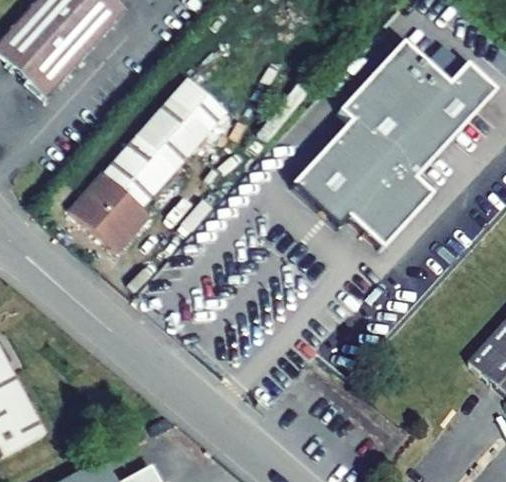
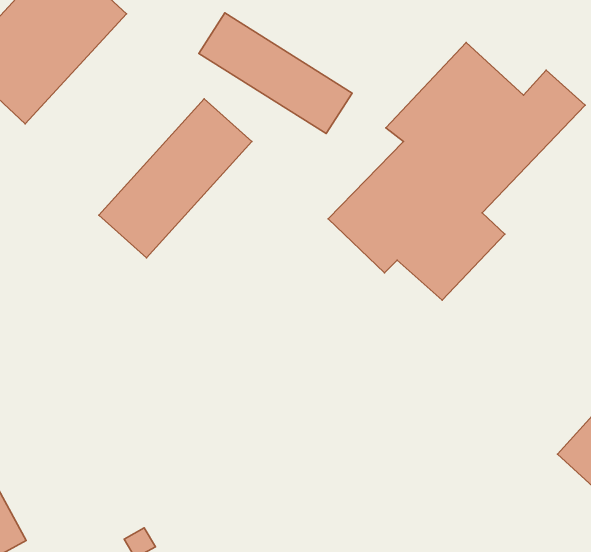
building: none -> [199,13,352,133]
building: [72,173,151,252] -> none

